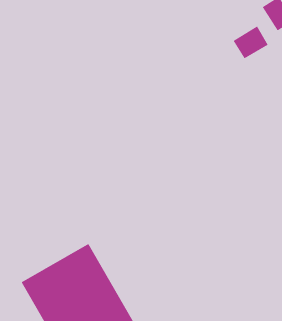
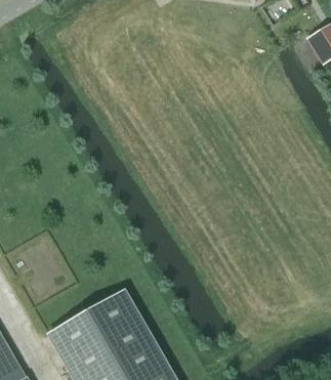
building: [233,26,268,59] -> none

